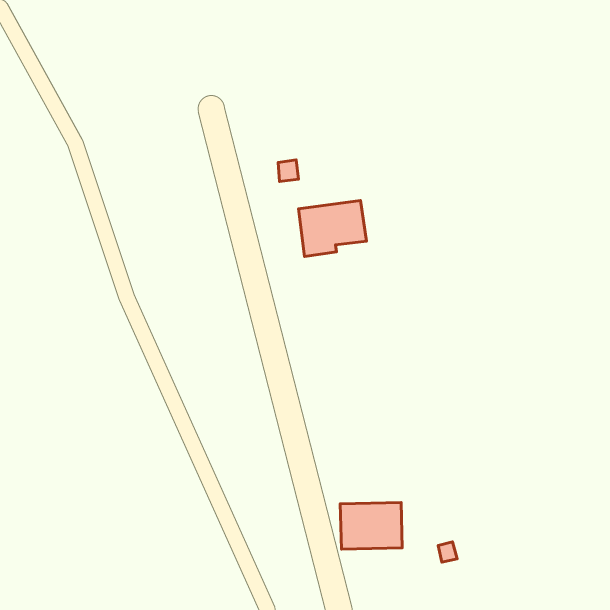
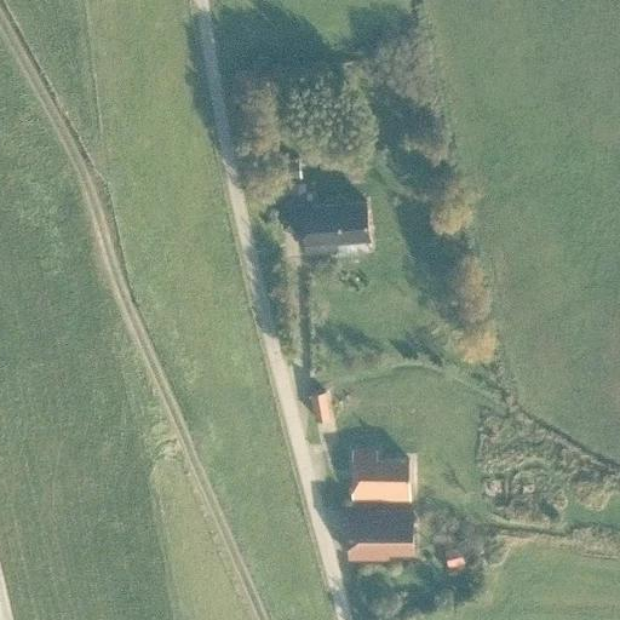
building: none -> [351,453,408,503]

